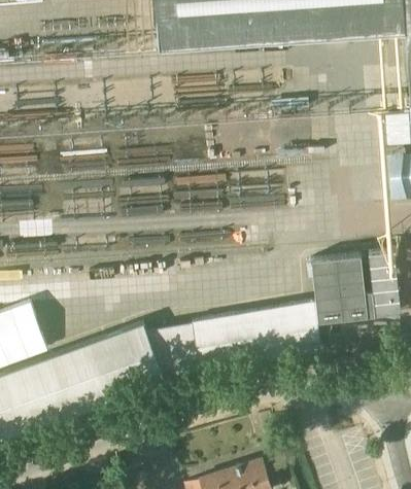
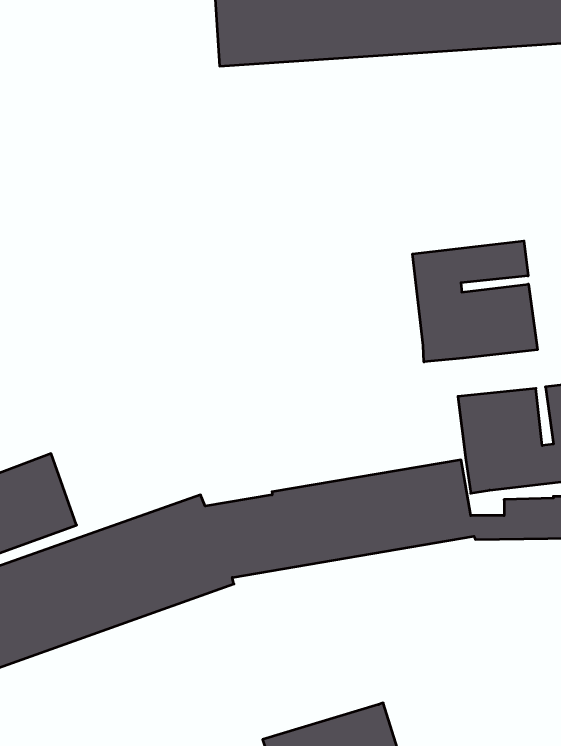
building: none -> [413,241,537,362]

